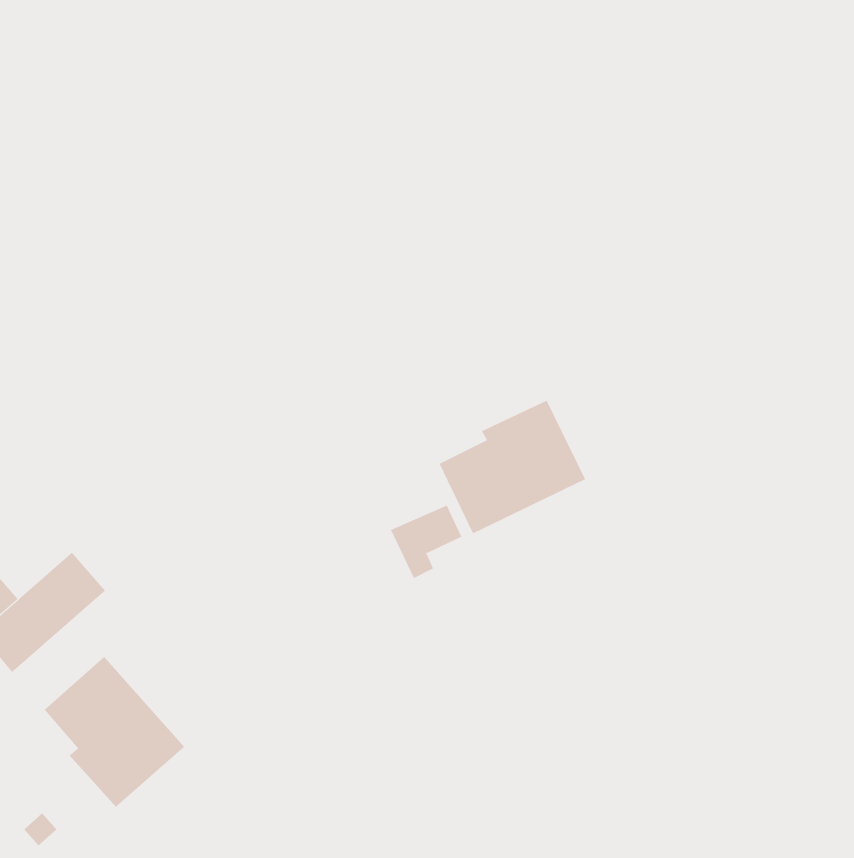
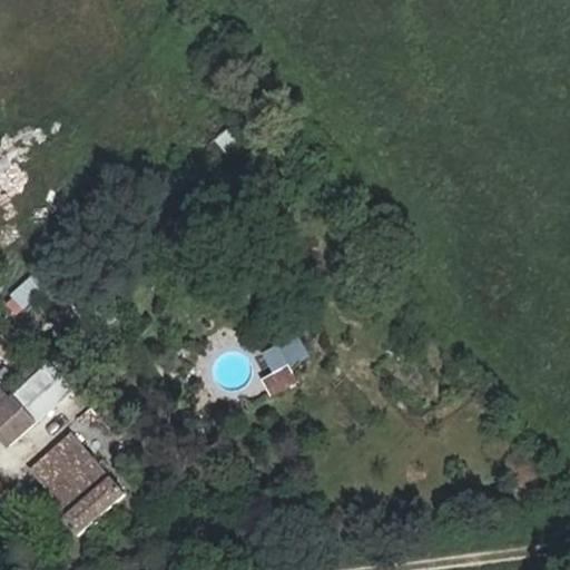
building: [439,400,586,534] -> none

